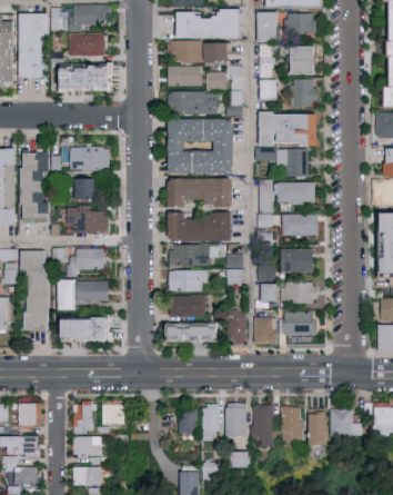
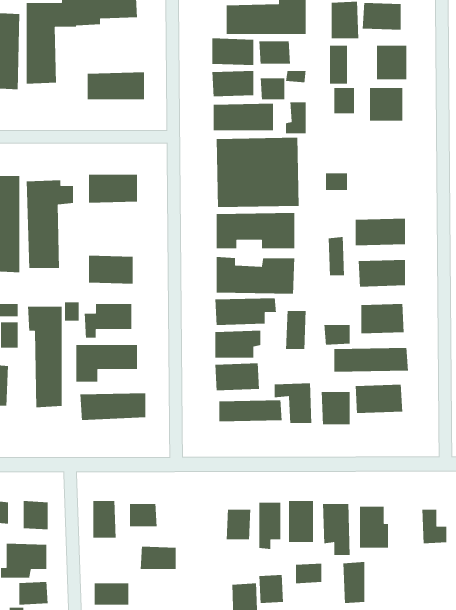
building: [69,32,104,56] -> none
building: [265,112,321,143] -> none
building: [280,149,309,177] -> none
building: [77,178,99,200] -> none
building: [313,413,331,446] -> [343,561,365,604]
building: [74,436,103,455] -> [140,546,177,570]

